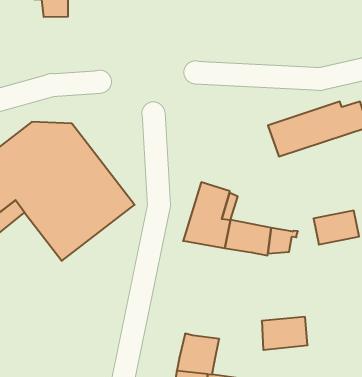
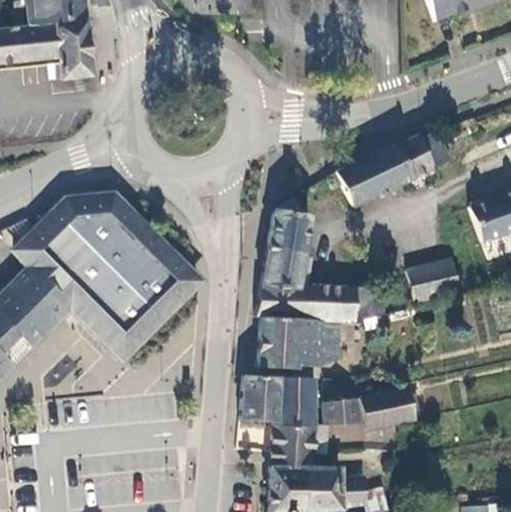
building: none -> [269,198,309,253]
building: none -> [260,317,339,368]
building: none -> [243,377,313,425]
building: none -> [323,399,358,425]

